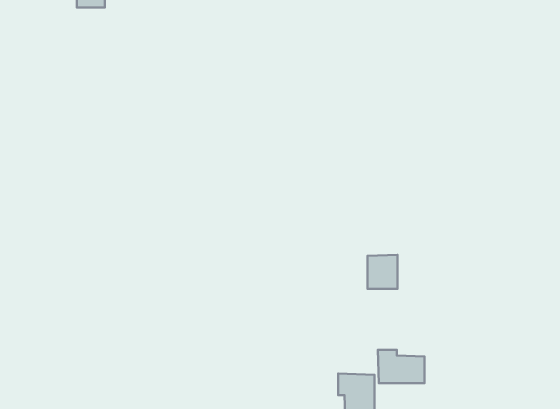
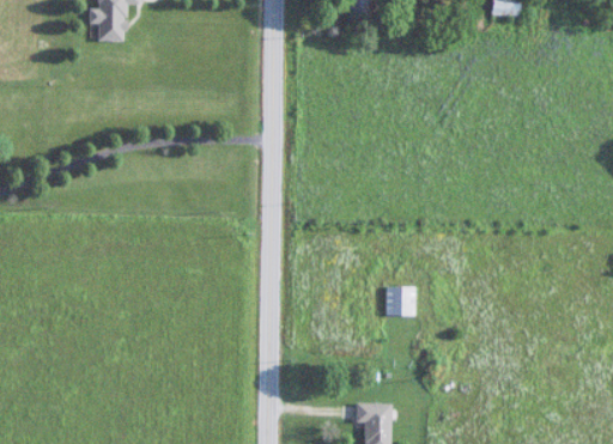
building: [378,350,425,383] -> none

